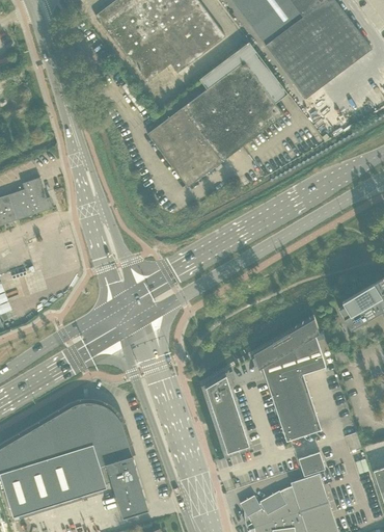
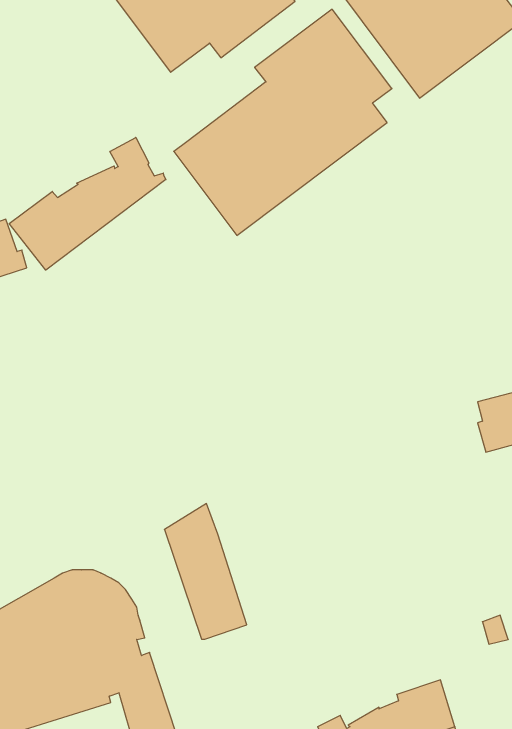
building: none -> [9,137,166,270]
building: [252,318,324,442] -> none
building: [199,369,252,456] -> [164,504,247,639]
building: [297,451,324,476] -> none

